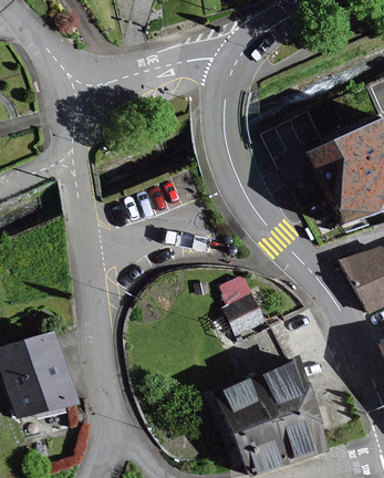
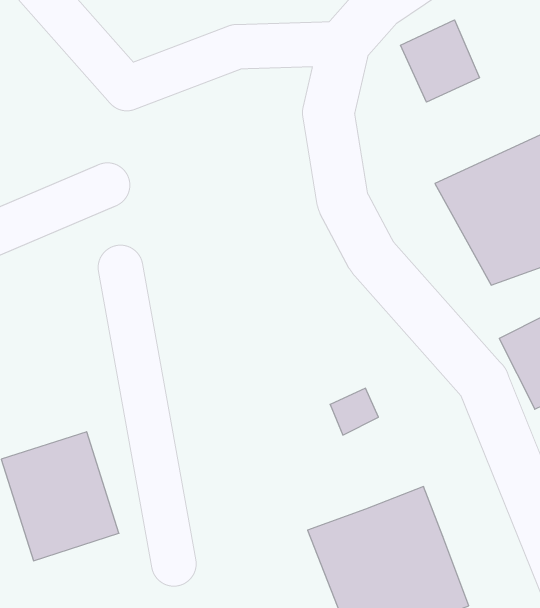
building: none -> [401,20,479,102]

